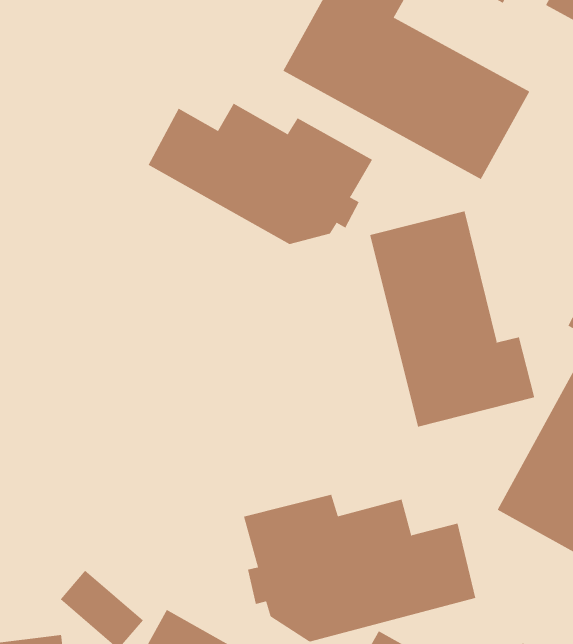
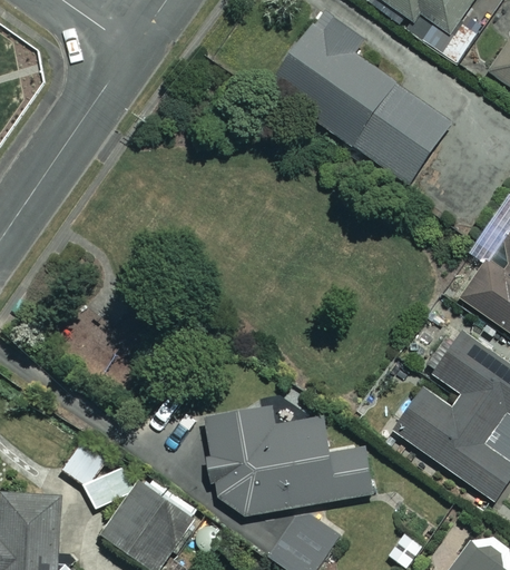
building: [148,103,373,245] -> none
building: [370,210,535,428] -> none

